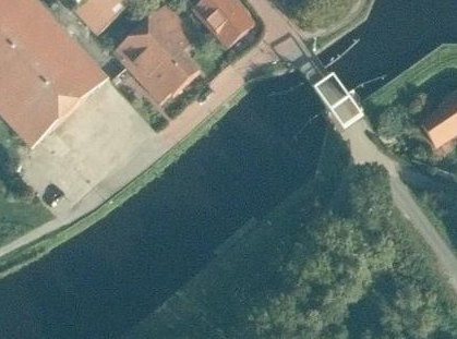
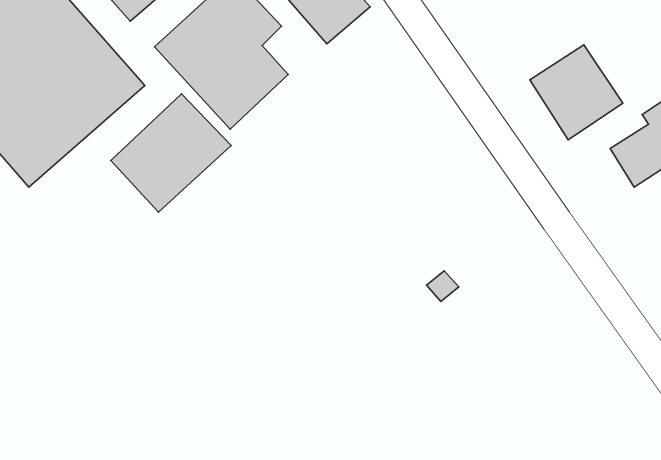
building: none -> [530,45,623,140]
building: none -> [111,94,231,212]

